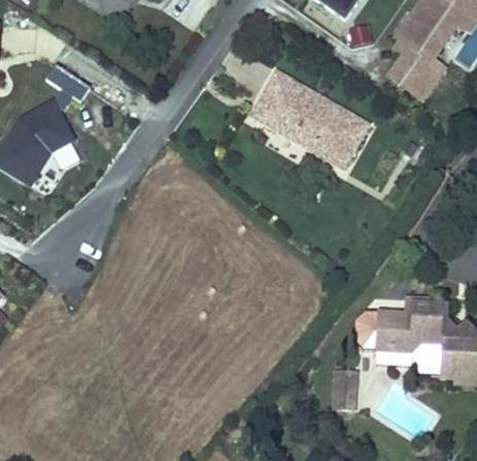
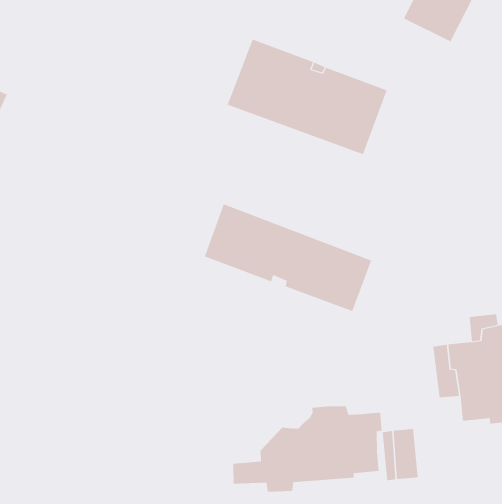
building: none -> [204,204,372,312]
building: none -> [233,405,382,493]

